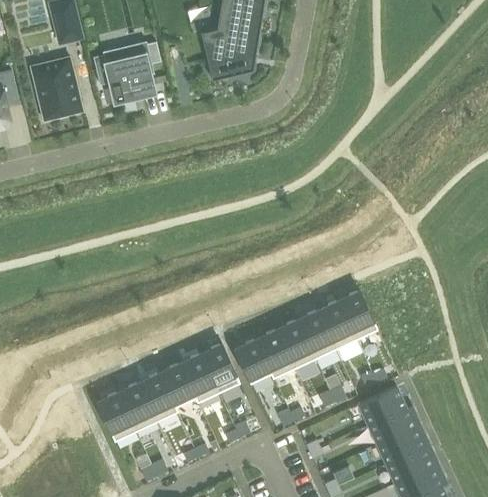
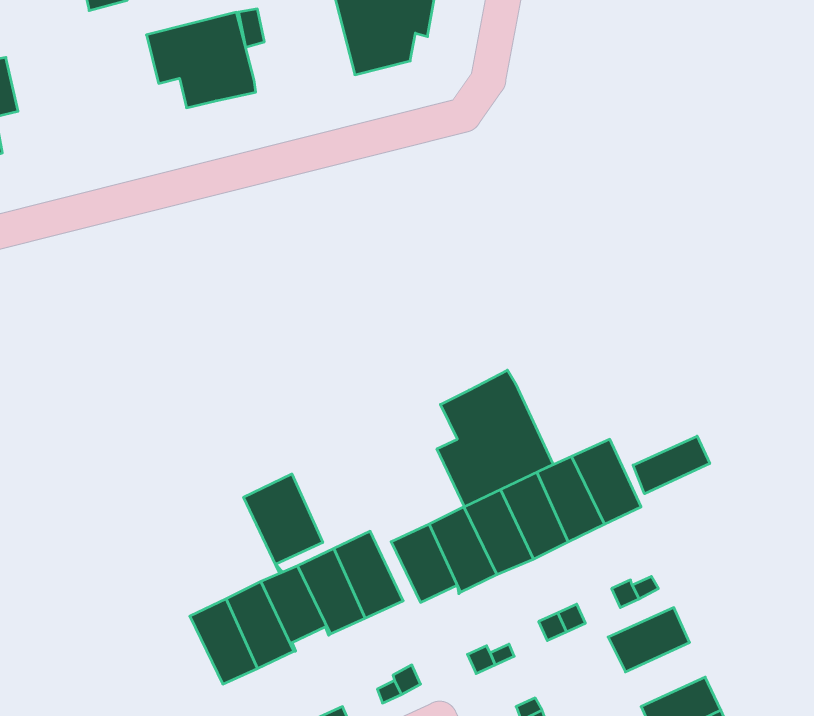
building: [31,57,83,120] -> none
building: none -> [437,370,553,507]
building: none -> [633,436,710,494]
building: none -> [244,474,323,572]
building: [97,392,137,441] -> none
building: [369,407,415,444] -> none

